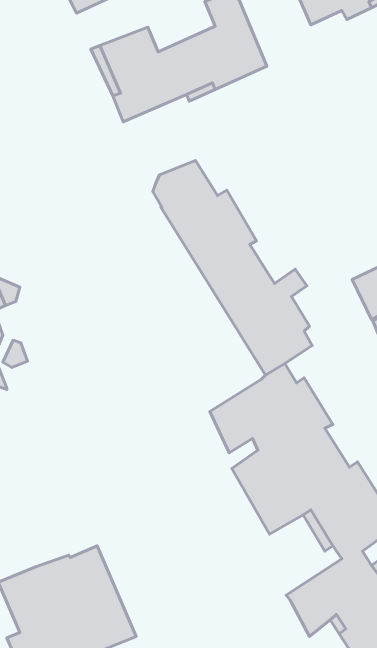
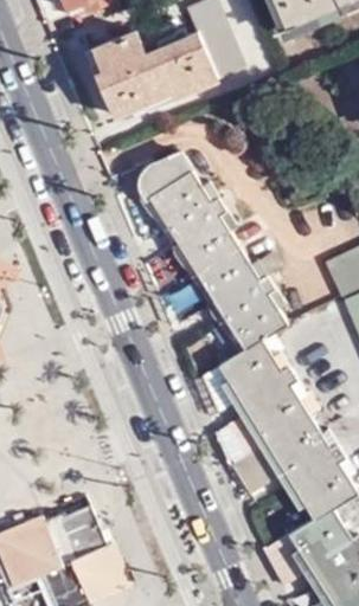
building: none -> [139,150,245,353]

